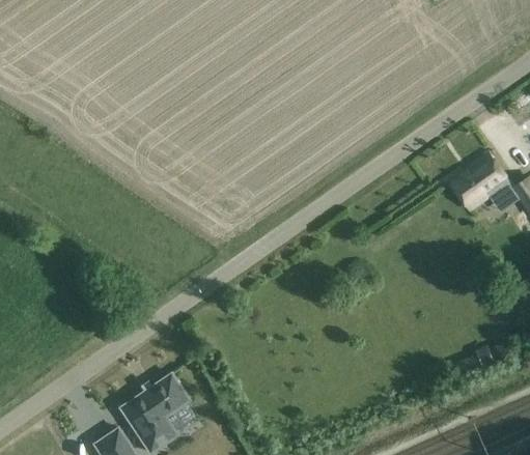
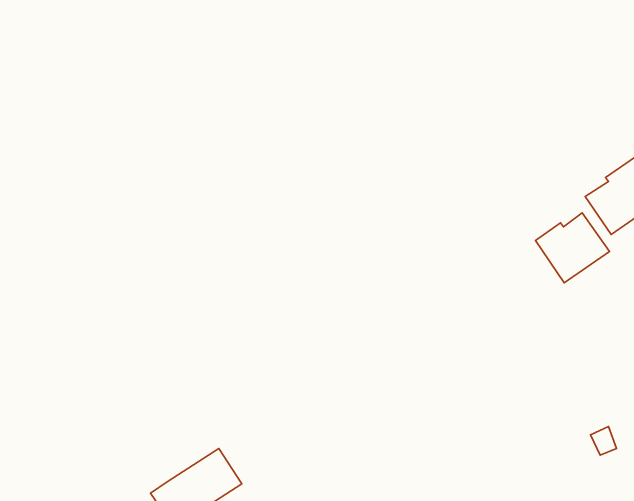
building: none -> [535,213,609,283]

